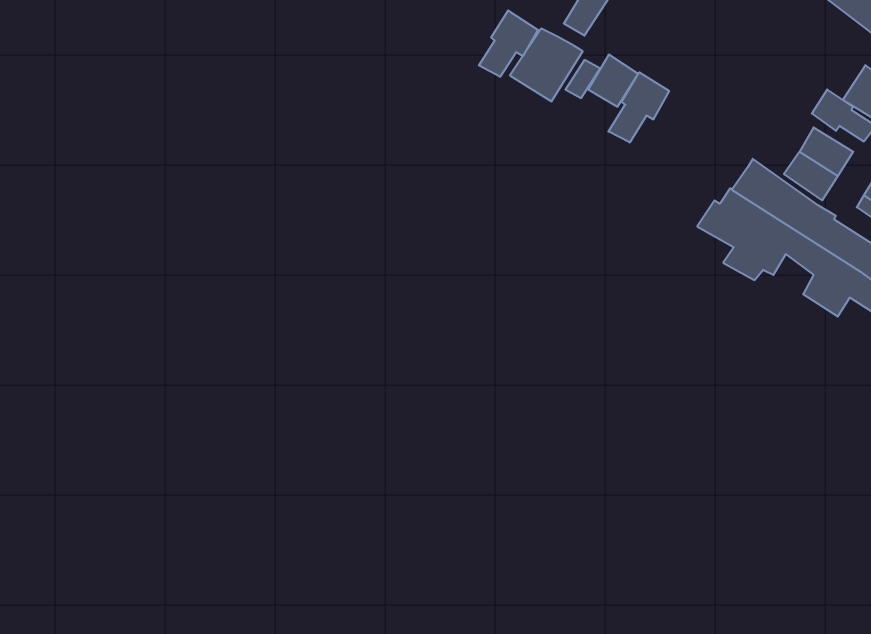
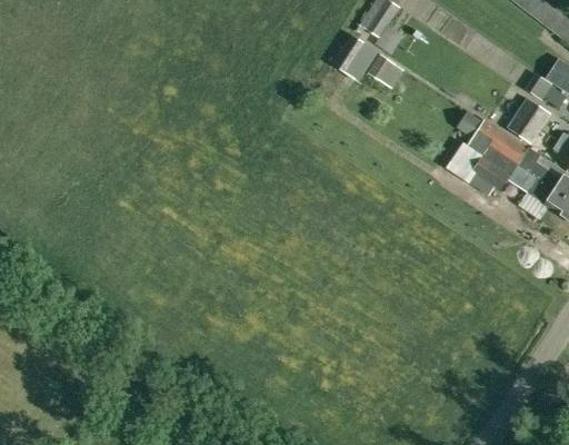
building: [479,10,538,77] -> none
building: [608,72,669,143] -> none

